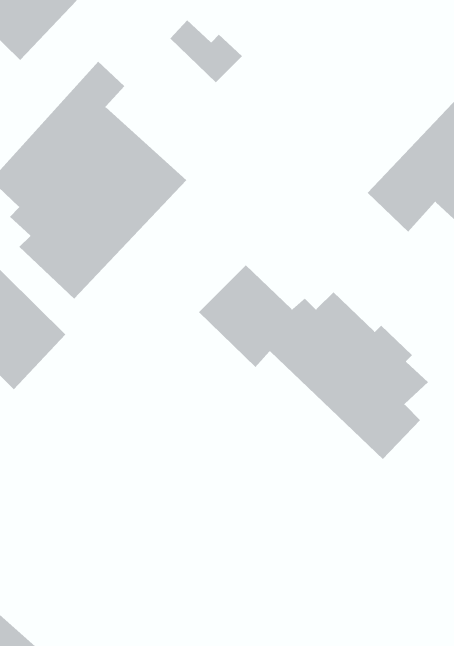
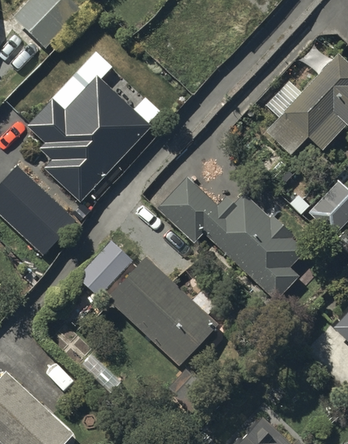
building: none -> [75,240,132,298]
building: none -> [108,260,221,367]

